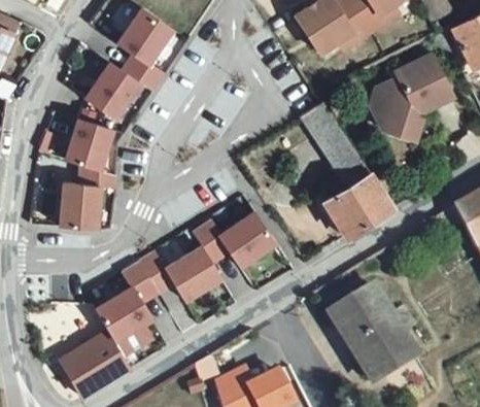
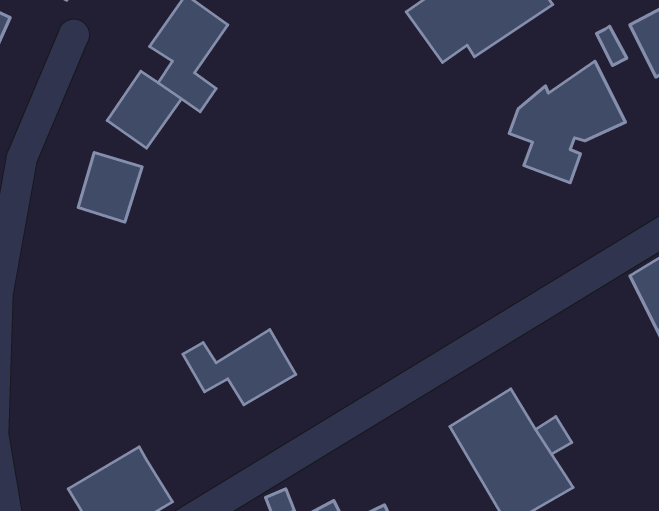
building: [302,101,392,236] -> none
building: [61,162,115,231] -> none
building: [192,212,272,265] -> none
building: [96,261,155,336] -> none

